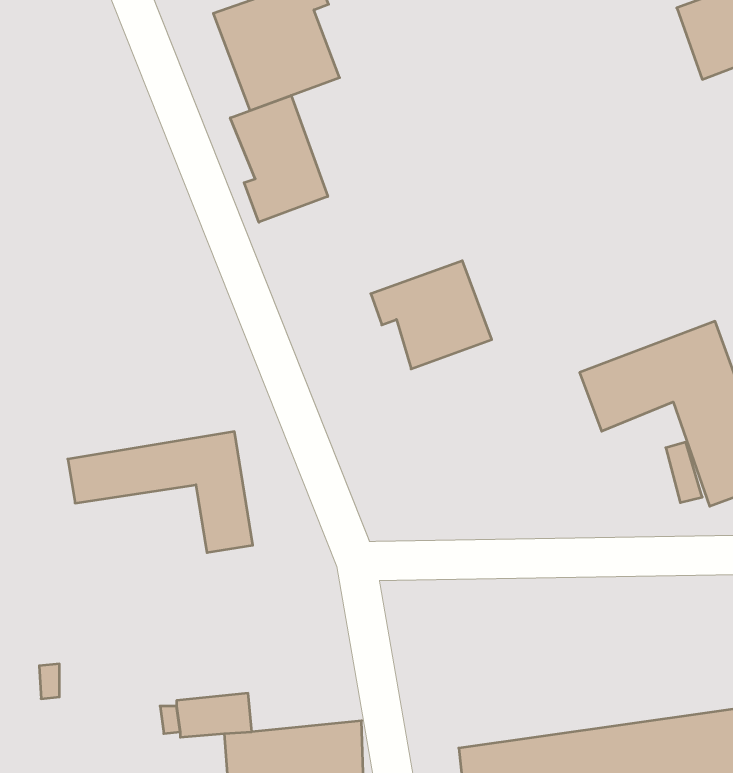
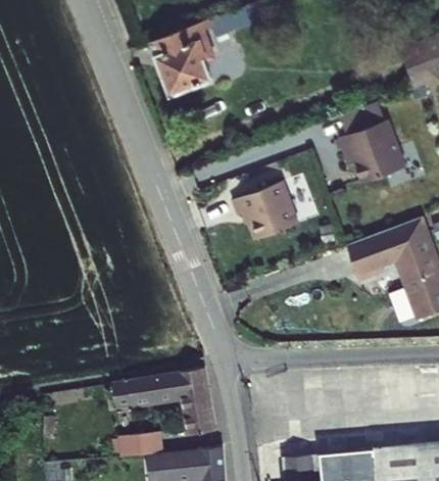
building: [230,95,328,222] -> none
building: none -> [341,101,407,182]
building: [68,432,253,553] -> [114,366,217,433]

